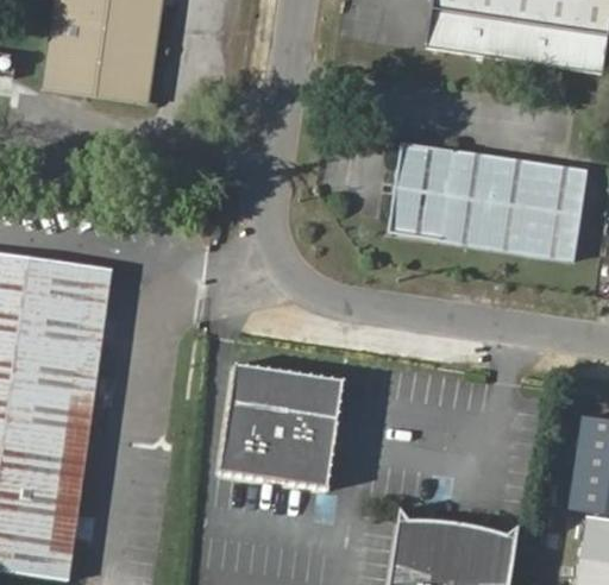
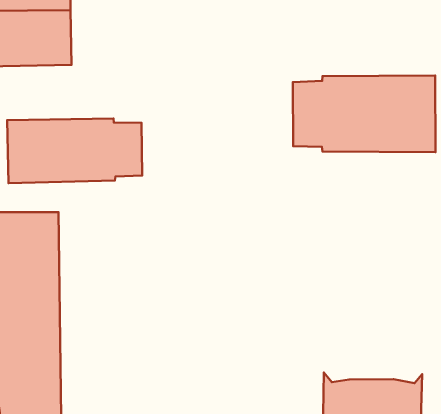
building: [387,144,451,241] -> none
building: none -> [7,118,142,183]
building: [218,365,341,491] -> none

